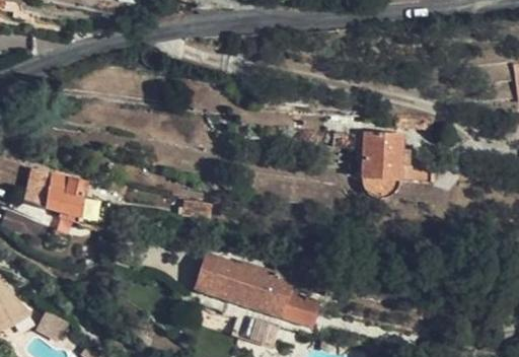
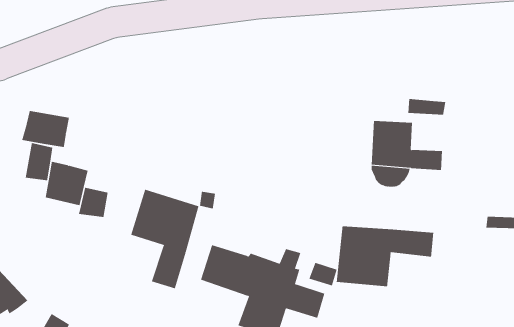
building: none -> [21,110,70,148]
building: none -> [130,189,199,289]
building: none -> [336,226,434,287]

